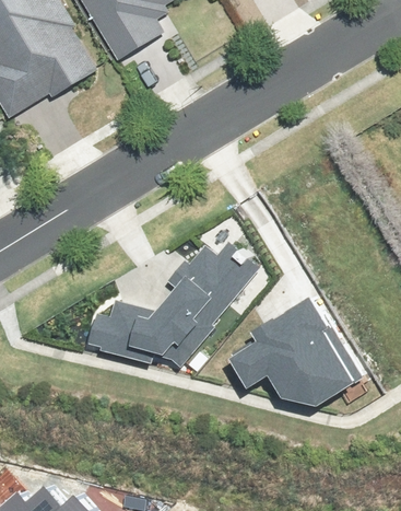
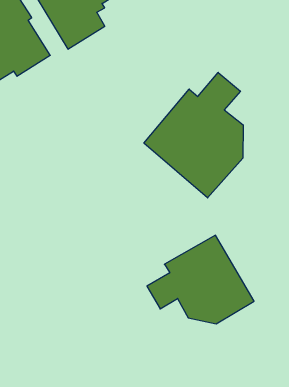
building: none -> [144,72,243,198]
building: [81,243,256,368] -> none

